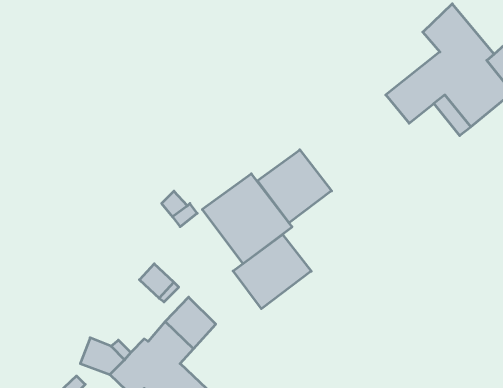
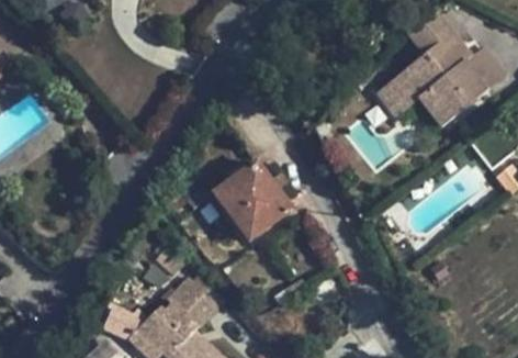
building: [257,150,332,223] -> none
building: [233,234,311,309] -> none

